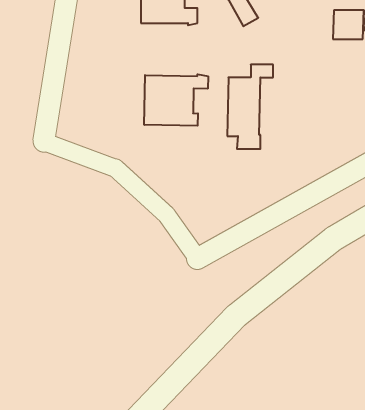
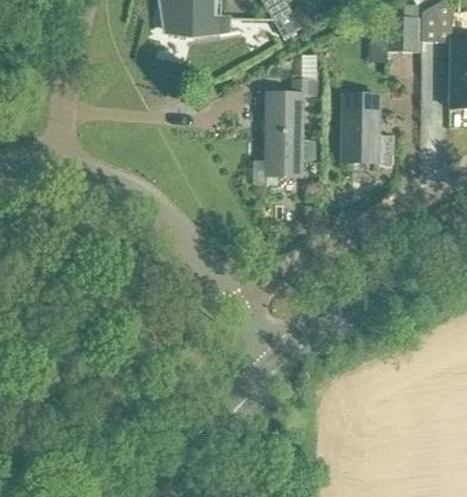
building: [144,74,208,126] -> none
building: none -> [340,94,392,162]

